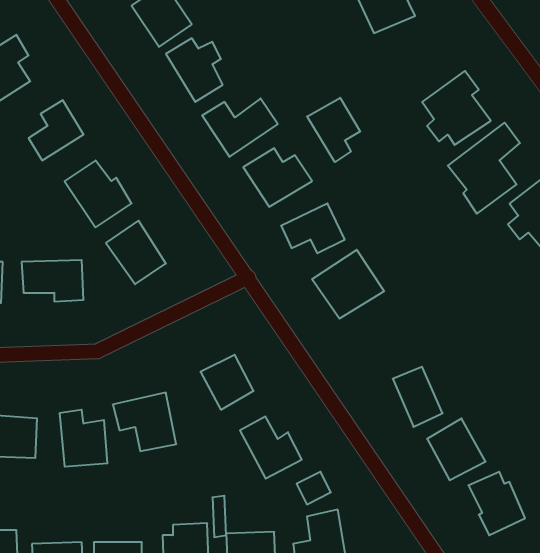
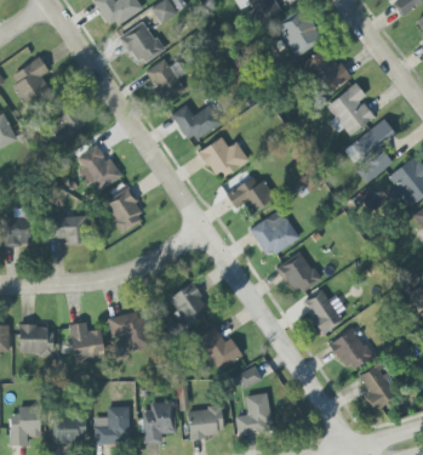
building: none -> [302,46,349,96]
building: [307,98,360,162] -> none
building: none -> [278,251,320,296]

